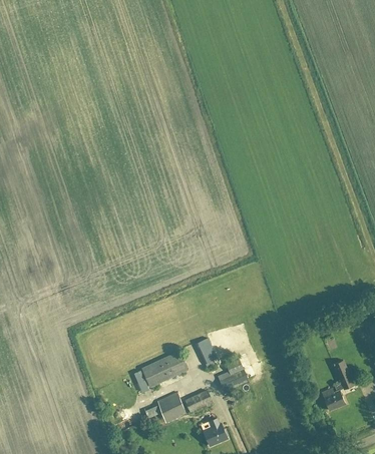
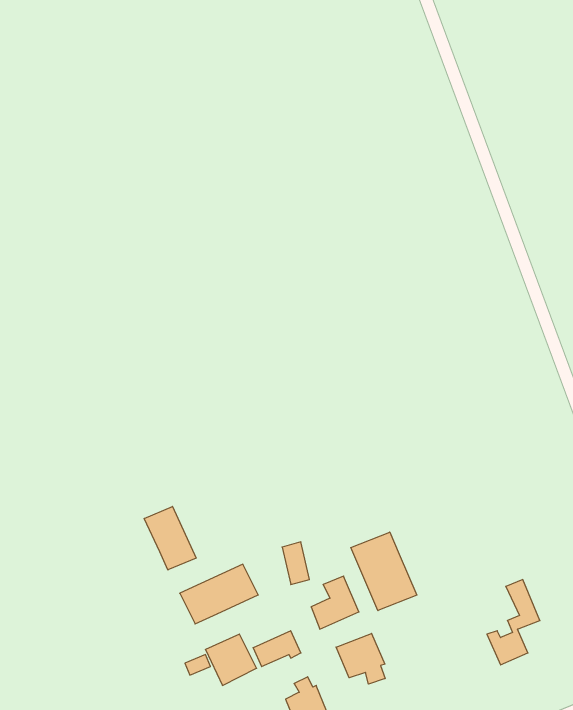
building: none -> [144,506,196,570]
building: none -> [351,532,417,611]
building: none -> [336,633,385,684]

